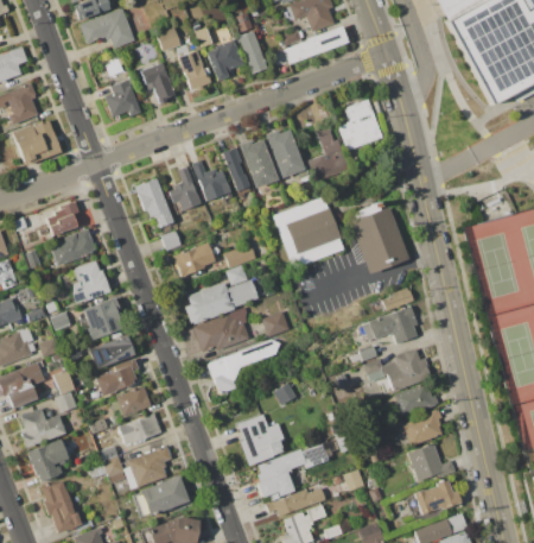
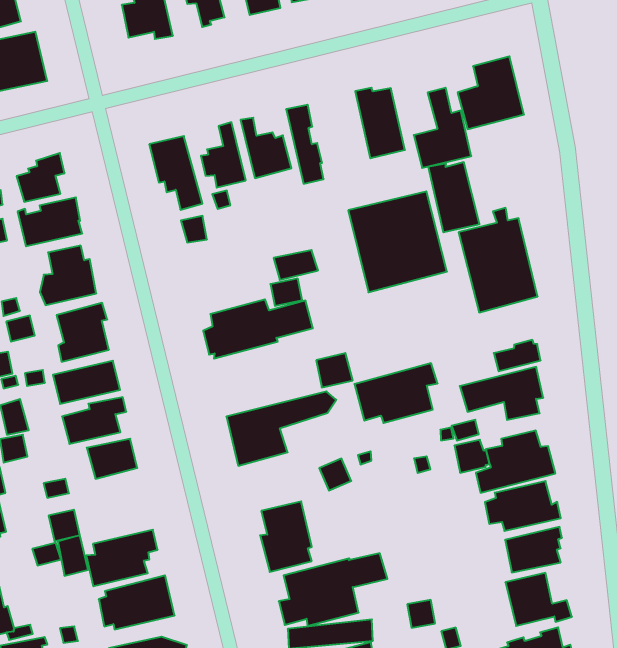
building: [241,139,280,188] -> [428,162,480,232]
building: [173,242,215,277] -> none
building: [196,308,252,352] -> [354,363,438,423]
building: [119,412,161,446] -> none

